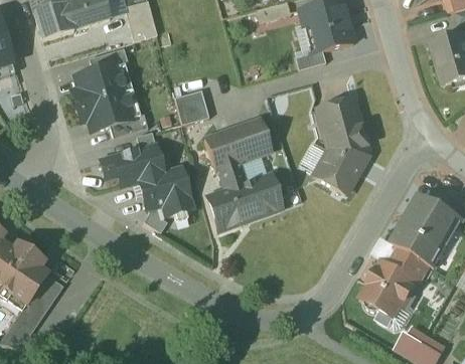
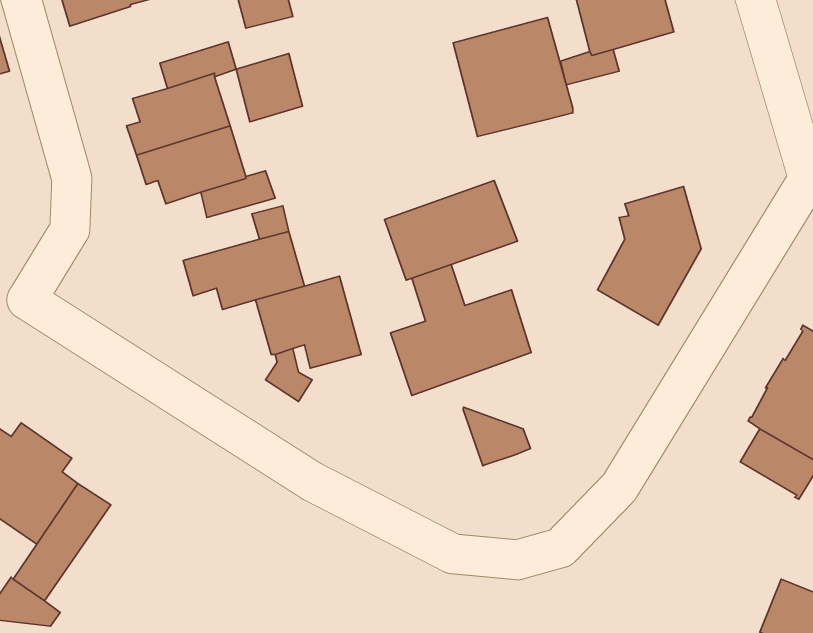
building: none -> [453,17,573,136]
building: [174,88,208,124] -> [236,53,302,122]
building: [317,98,358,130] -> none
building: none -> [463,407,530,466]
building: [361,259,417,316] -> none

